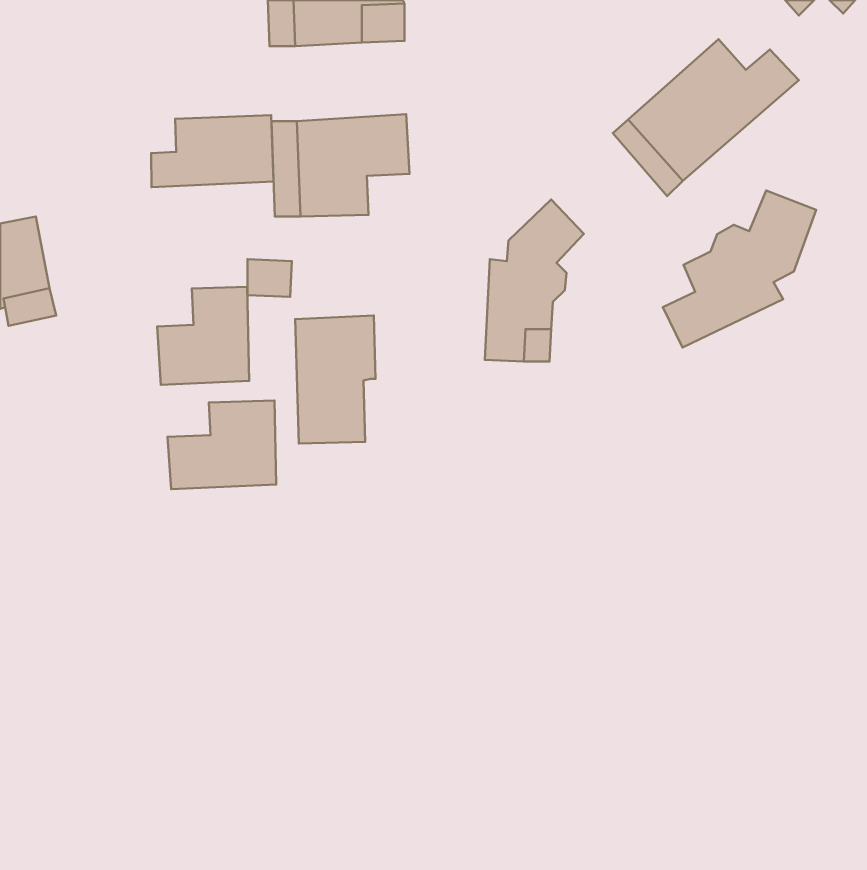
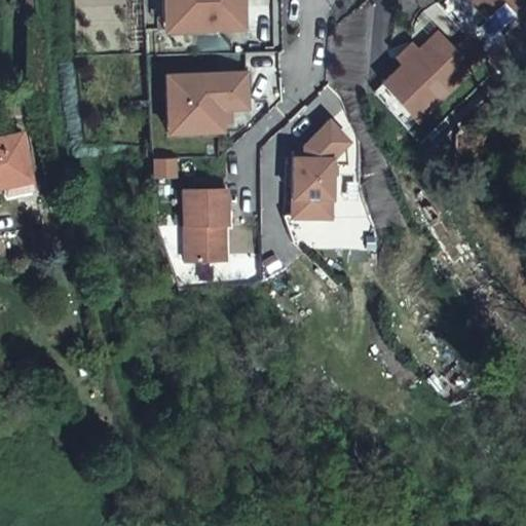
building: [151,115,273,187] -> none
building: [663,190,816,347] -> none
building: [157,287,249,385] -> none
building: [167,401,276,489] -> none

